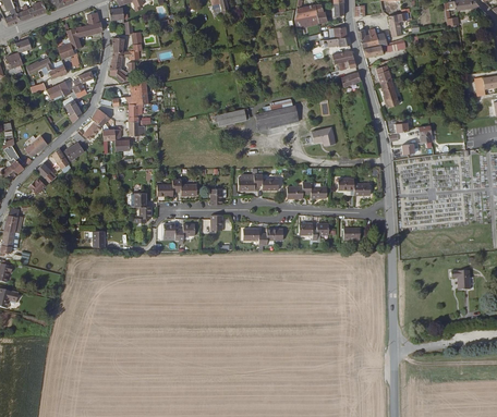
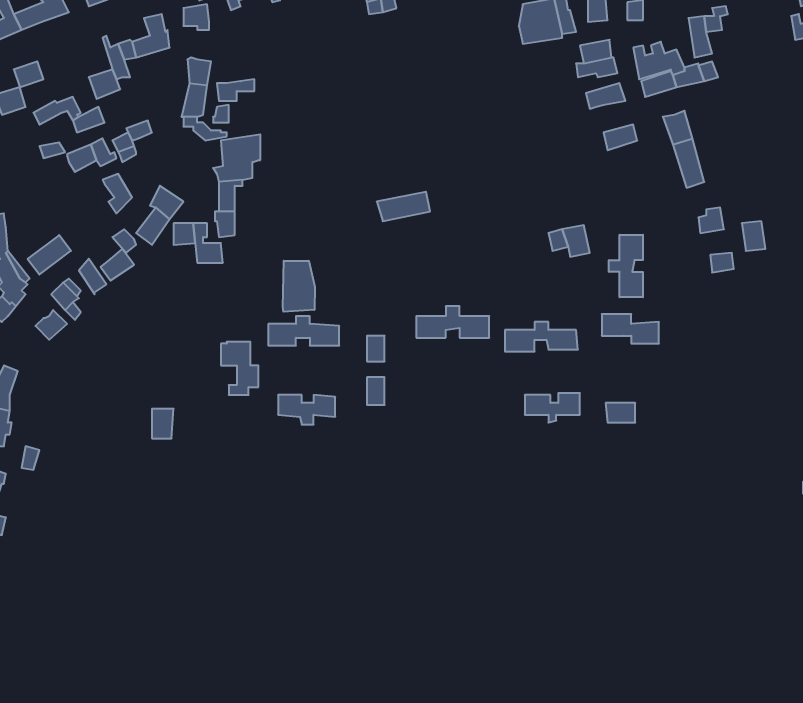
building: [254,101,299,132] -> none
building: none -> [609,235,643,297]
building: none -> [283,261,315,312]
building: [242,226,282,243] -> none

